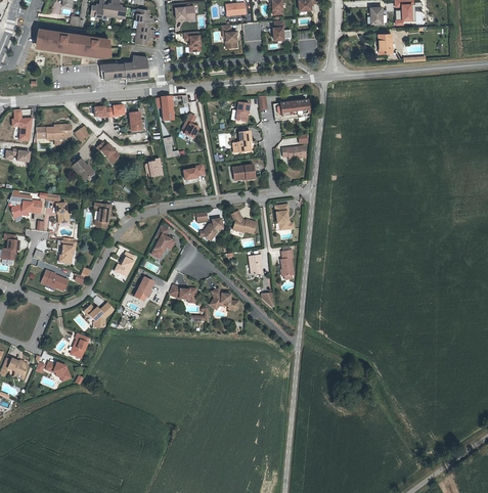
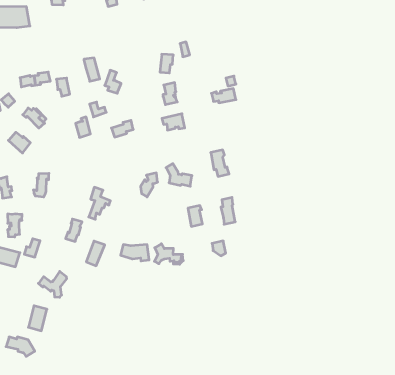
building: [98,50,147,75] -> none
building: [271,99,307,119] -> none

